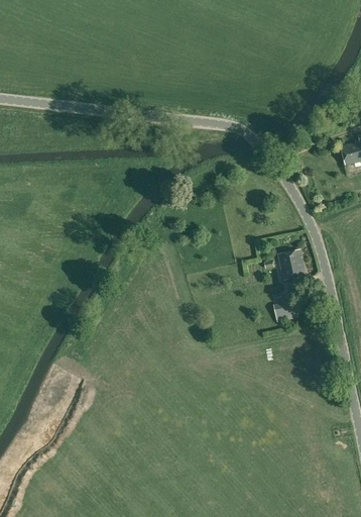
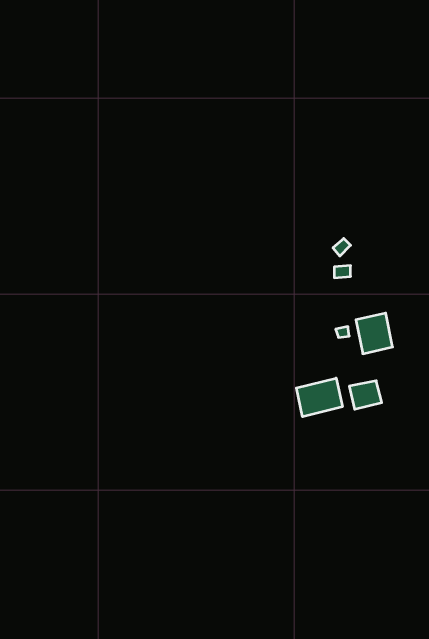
building: none -> [296,378,342,417]

